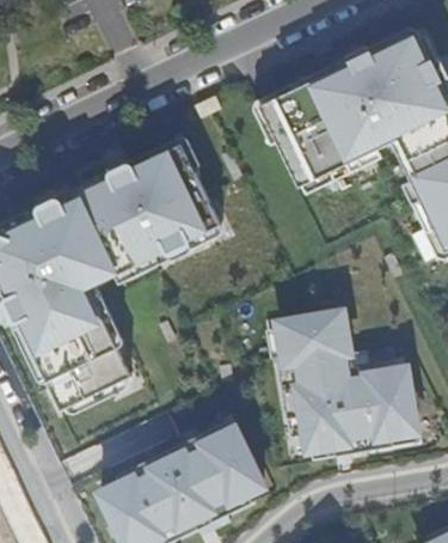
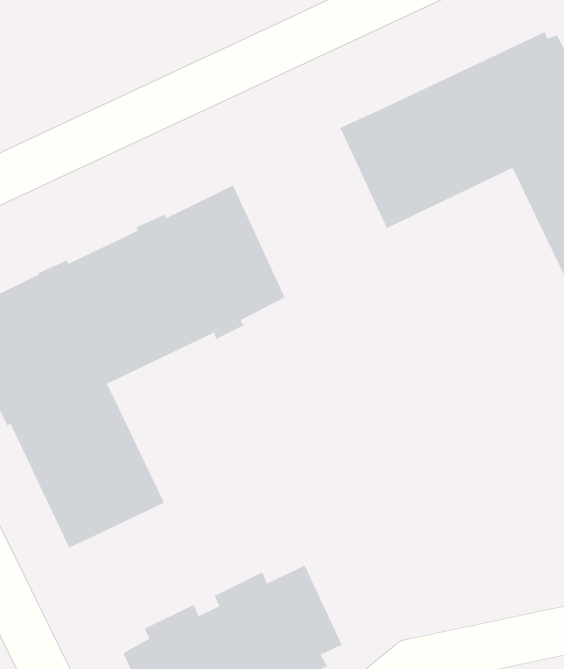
building: [275,312,415,453] -> none

